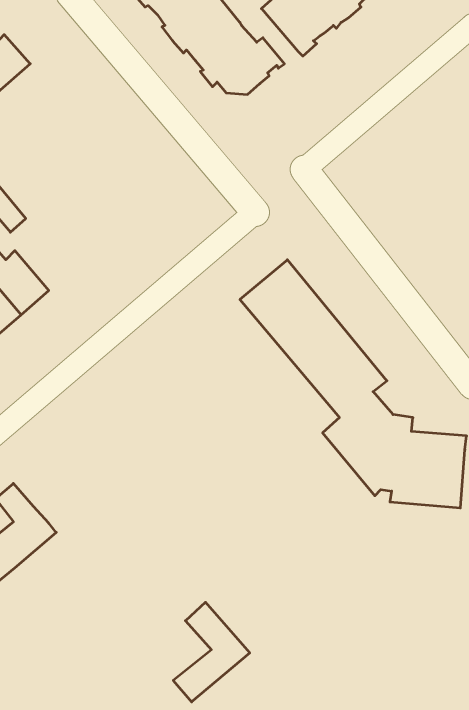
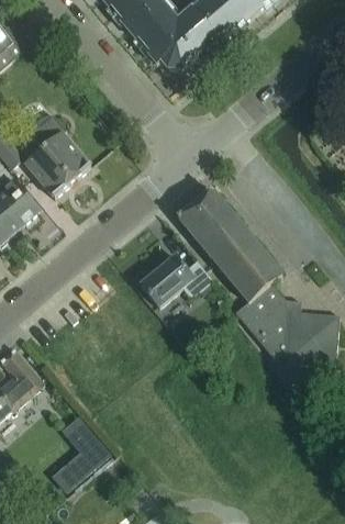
building: none -> [24,115,91,198]
building: none -> [141,256,213,306]
building: [173,602,250,702] -> [55,419,110,490]

